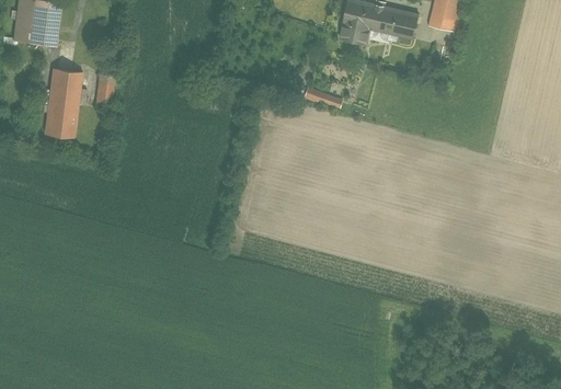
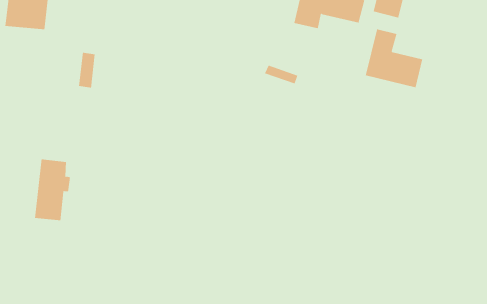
building: none -> [365,28,423,88]
building: [44,68,85,138] -> [34,159,71,221]

